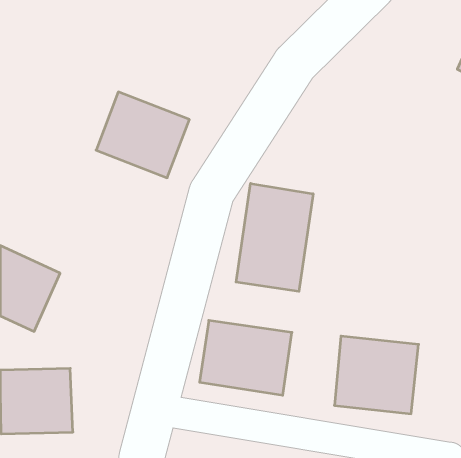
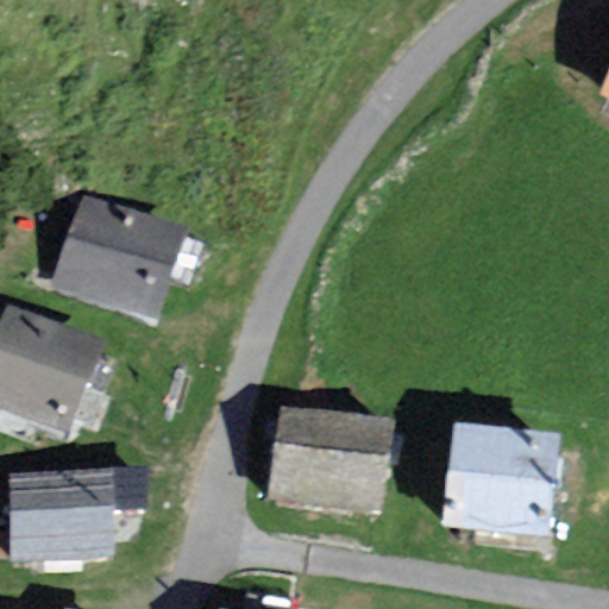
building: [96,92,189,178] -> [51,199,171,309]
building: [236,183,313,291] -> none

